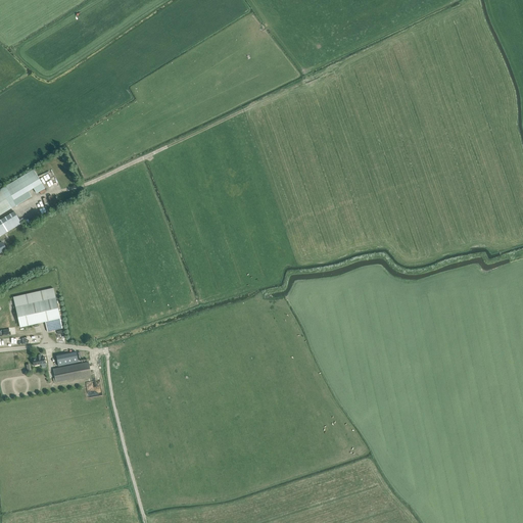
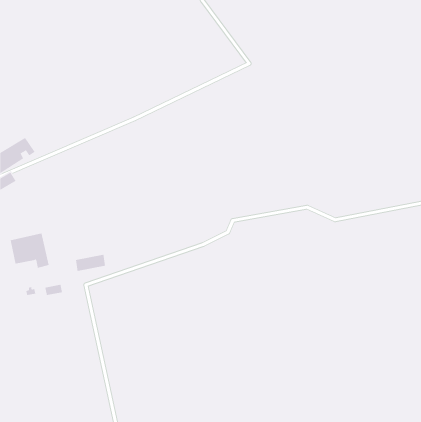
building: [52,362,90,383] -> [75,254,106,272]

